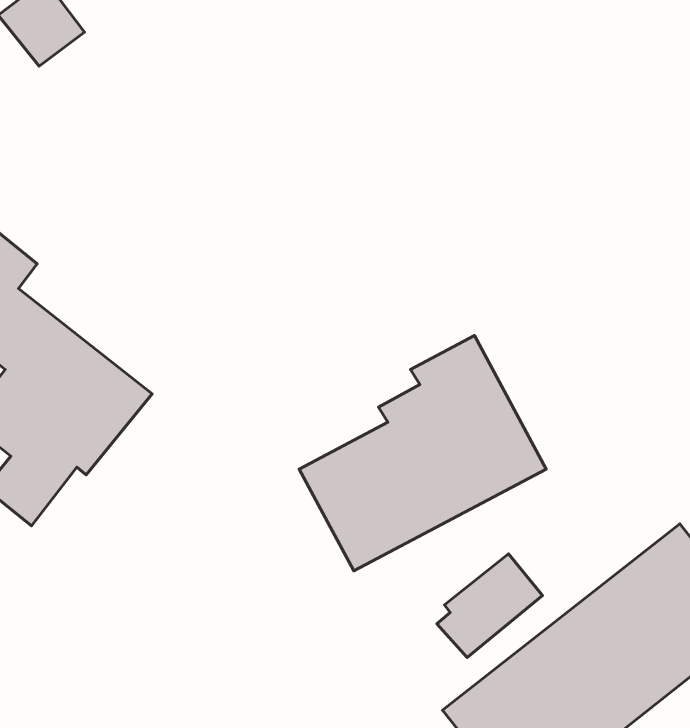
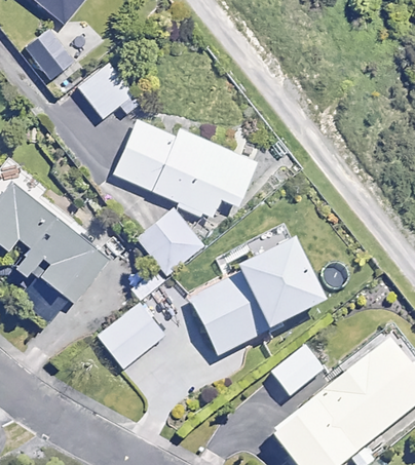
building: none -> [78,63,140,119]
building: none -> [114,120,257,275]
building: none -> [97,302,165,370]

